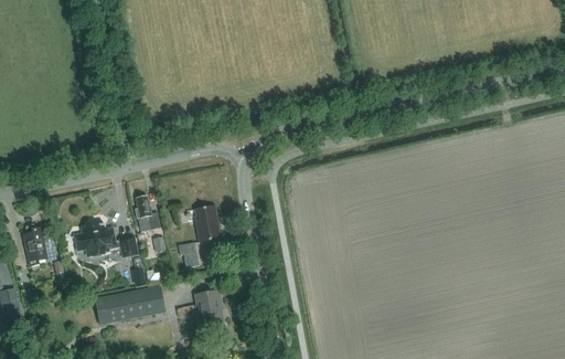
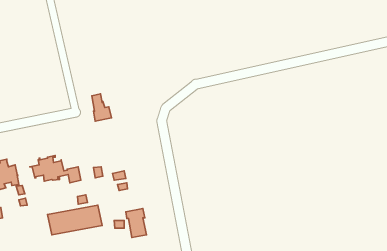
building: [136,196,161,231] -> [92,94,111,121]
building: [194,204,218,241] -> none

